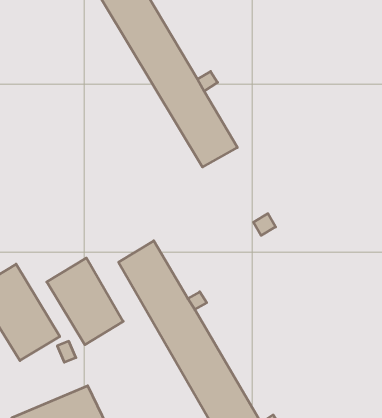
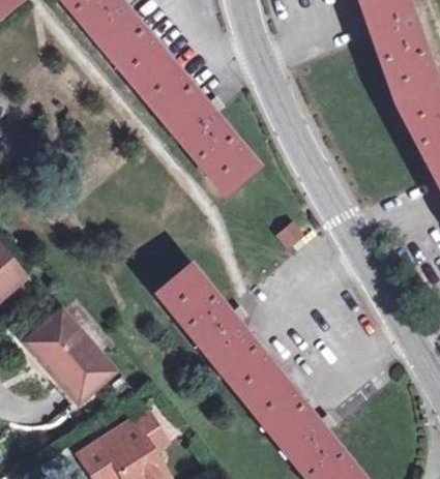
building: [47,258,123,345] -> none

